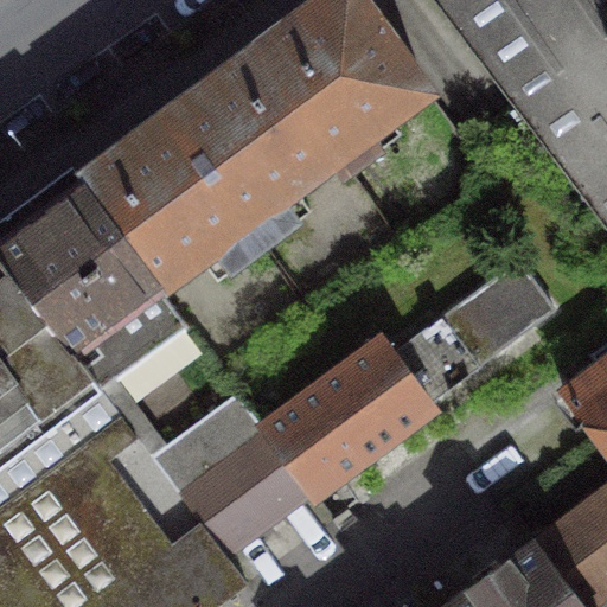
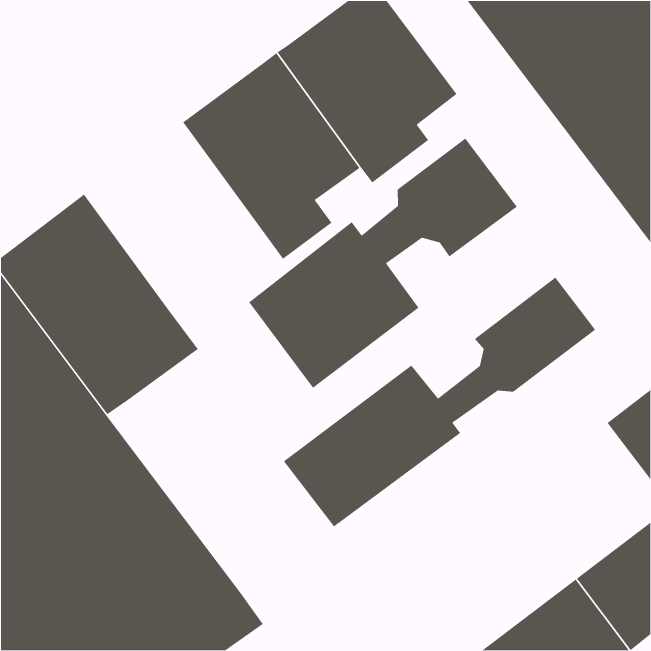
building: [78,114,263,287] -> none
building: none -> [248,137,518,389]
building: [100,373,311,552] -> none

